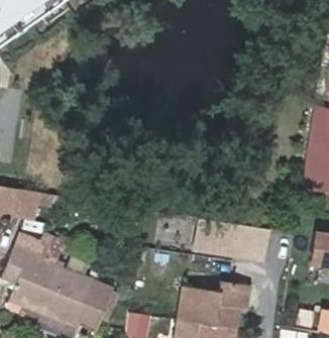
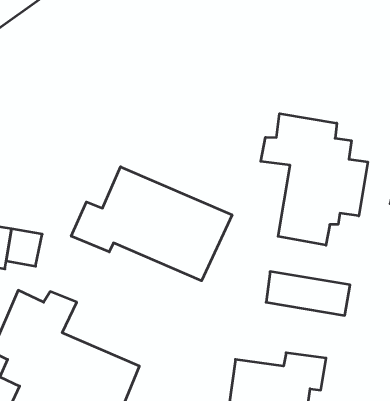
building: none -> [261,114,368,245]
building: none -> [71,167,232,281]

